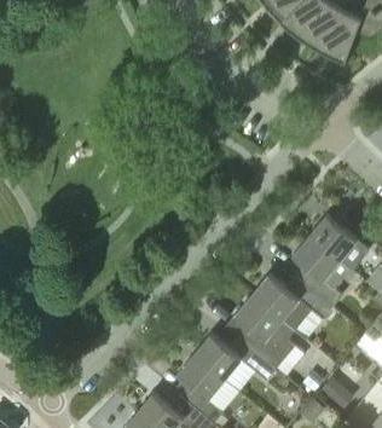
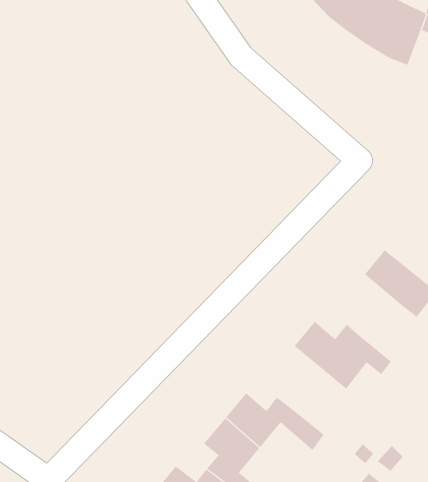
building: [294,235,352,307] -> none
building: [236,294,296,368] -> none

